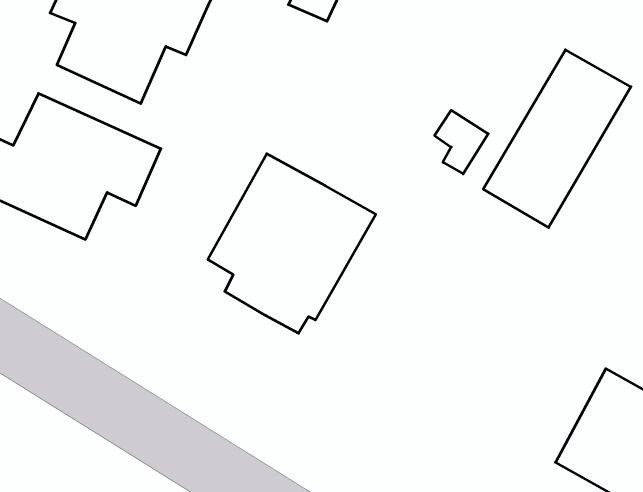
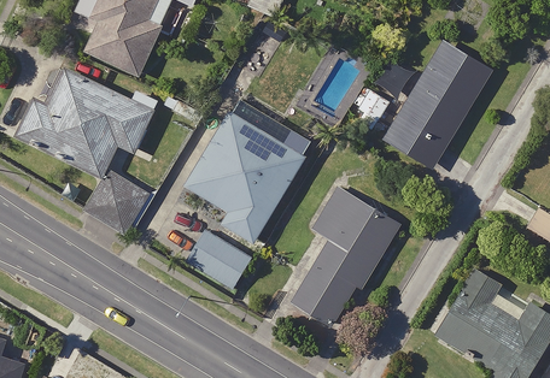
building: none -> [87,172,145,230]
building: none -> [292,182,399,325]
building: none -> [186,229,251,287]

